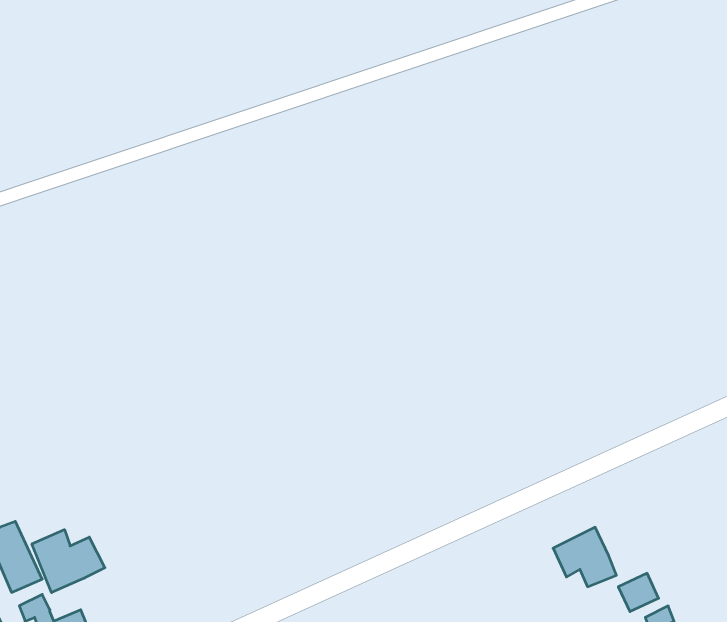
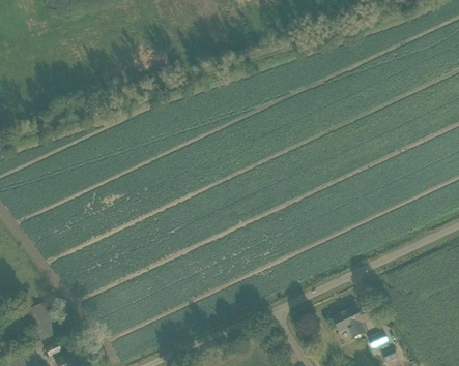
building: [32,530,105,593] -> none

